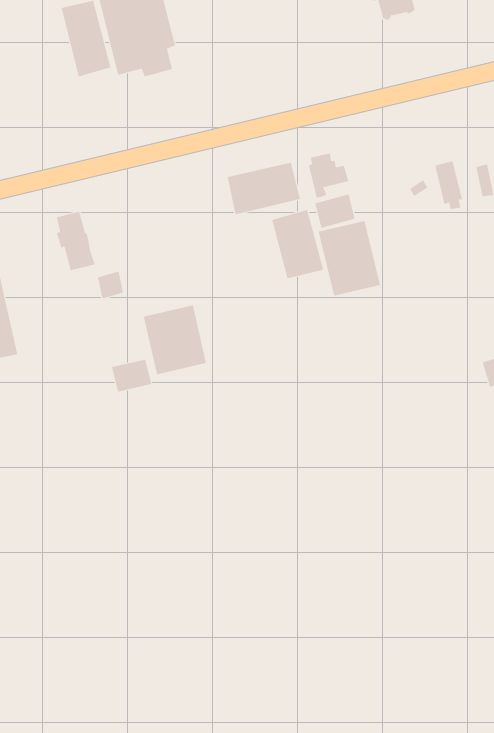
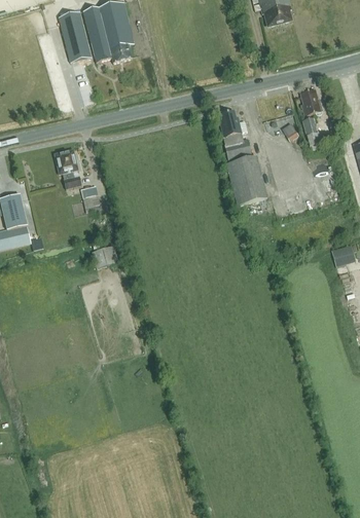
building: none -> [299,88,322,114]
building: [227,162,301,215] -> none
building: [271,209,324,279] -> none
building: [143,304,206,375] -> none

